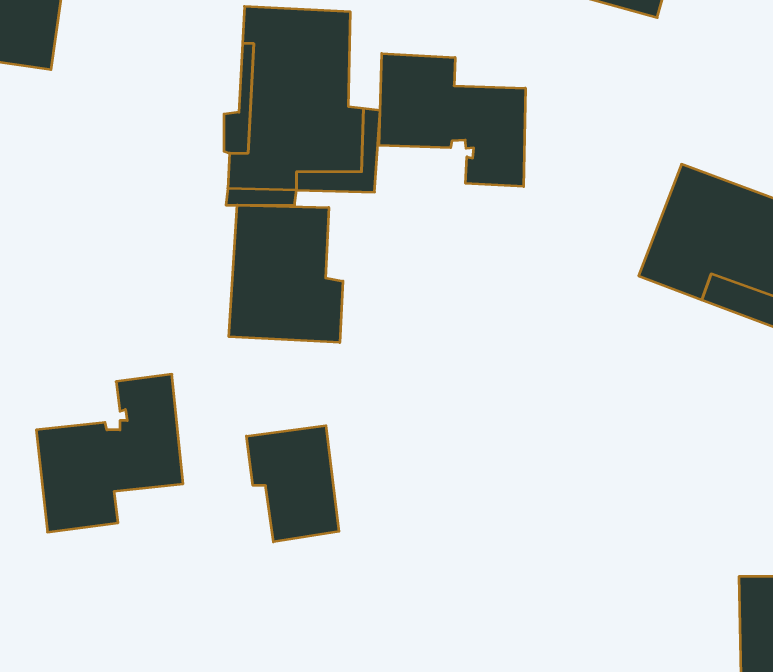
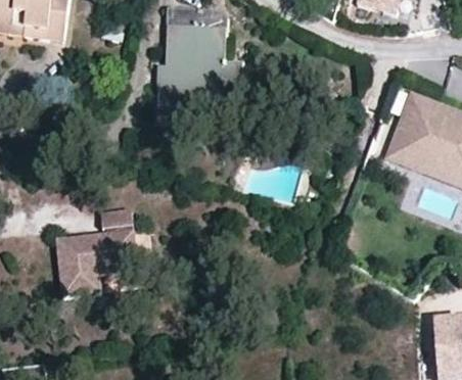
building: [379,53,525,187] -> none
building: [229,205,343,343] -> none
building: [246,426,339,542] -> none

